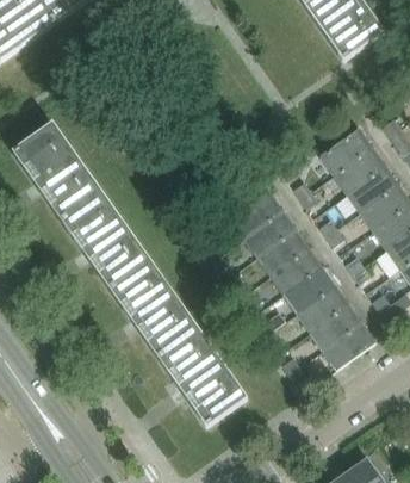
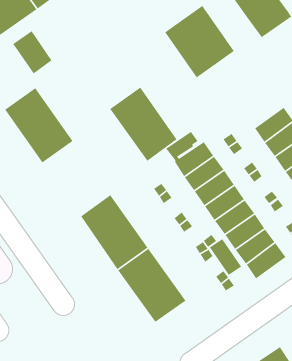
building: none -> [164,5,235,78]
building: none -> [12,30,52,74]
building: [319,128,372,174] -> none
building: [61,191,149,287] -> [109,87,178,162]
building: none -> [209,238,242,276]

